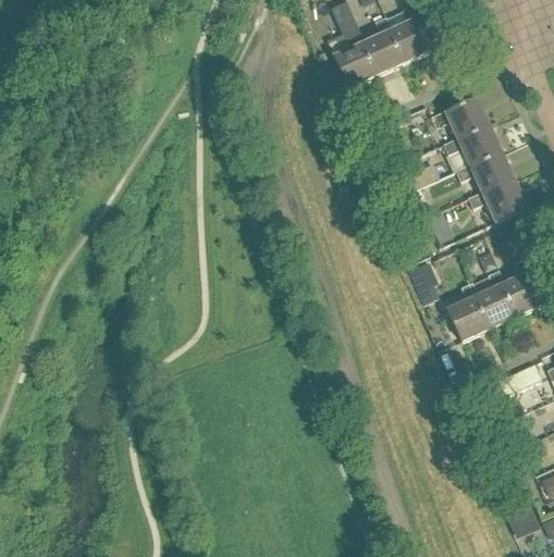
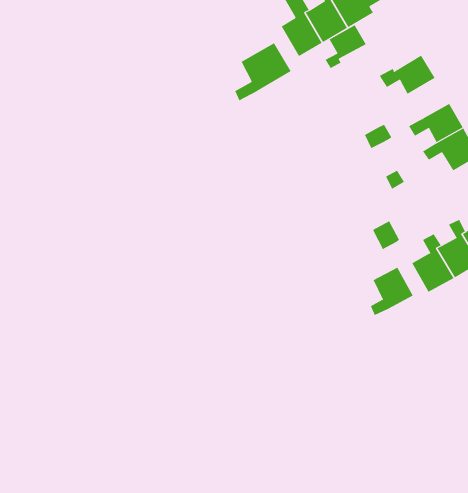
building: none -> [325,25,367,69]
building: none -> [234,43,292,101]
building: [443,122,500,162] -> none
building: none -> [370,267,413,316]

